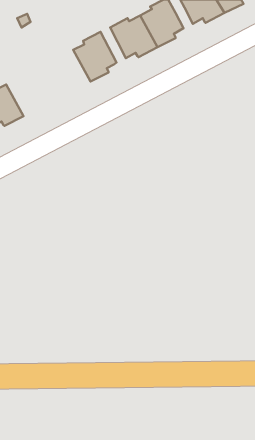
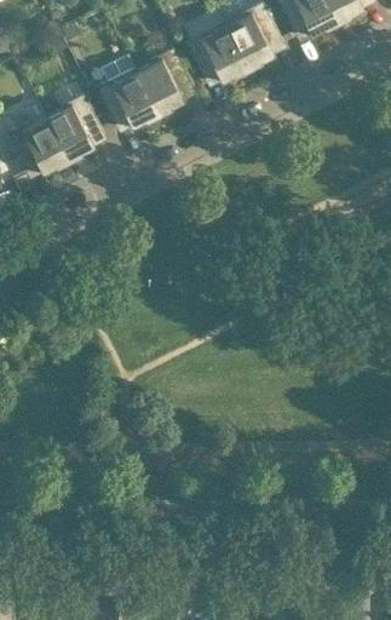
building: none -> [96,57,159,131]
building: none -> [46,96,104,162]

